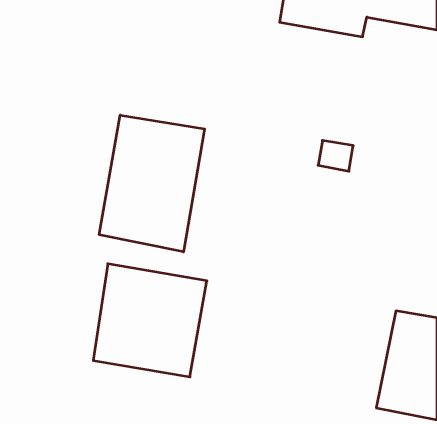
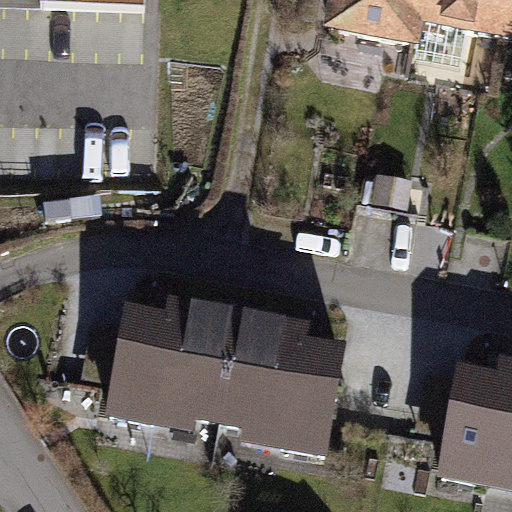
building: [99,115,205,252] -> none
building: none -> [222,328,343,456]

